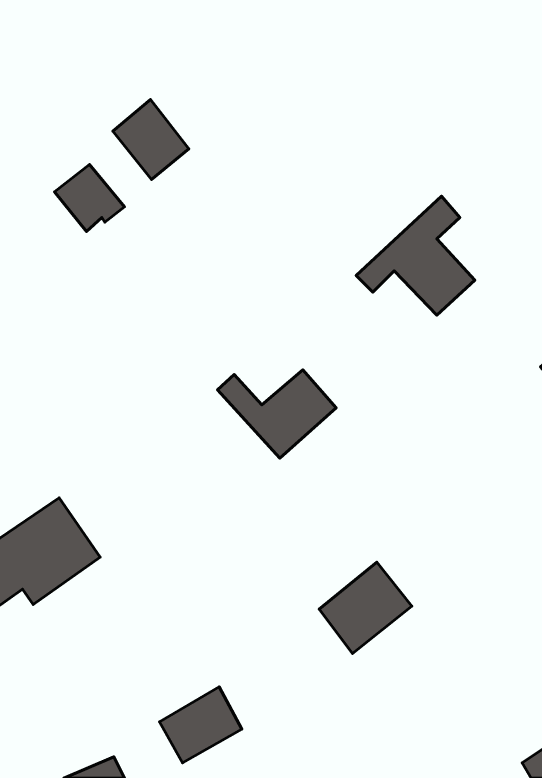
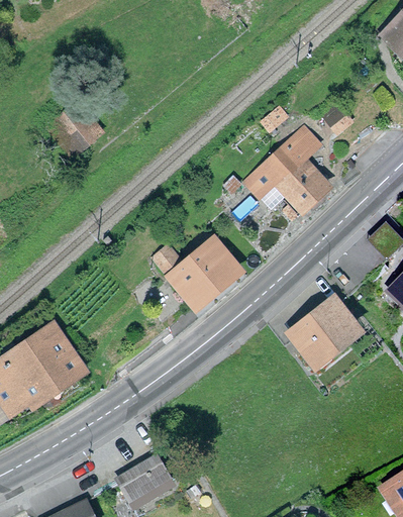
building: [113,99,189,179] -> none
building: [319,562,412,653] -> [297,302,359,363]

